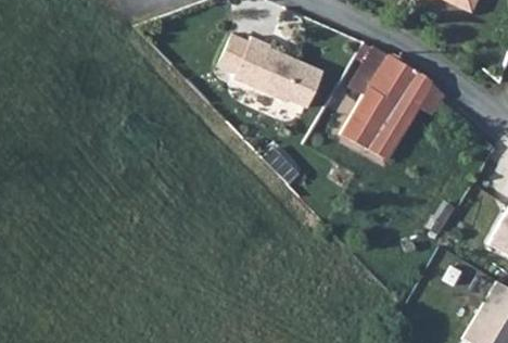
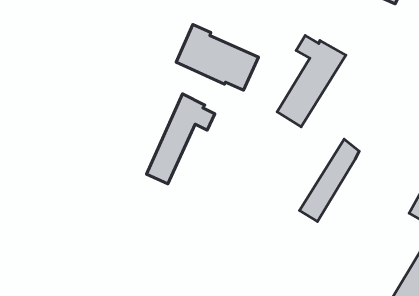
building: [370,69,435,160] -> [300,139,359,222]
building: none -> [146,94,215,184]

